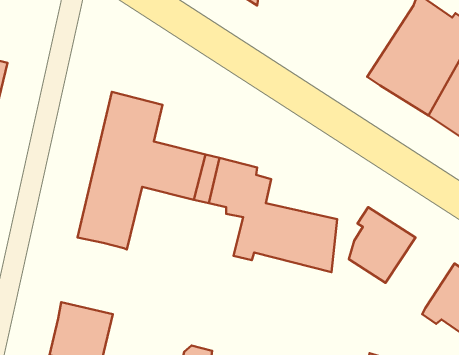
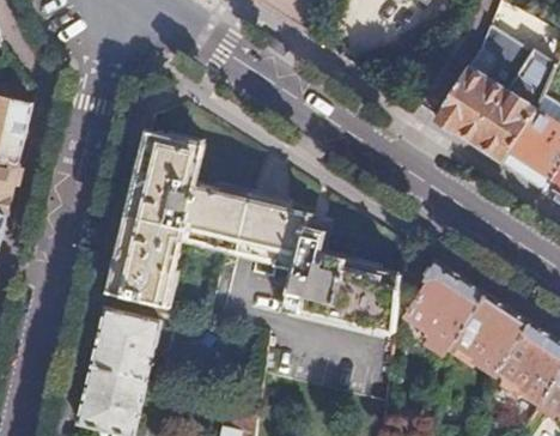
building: none -> [448,296,528,374]
building: none -> [91,302,163,381]

